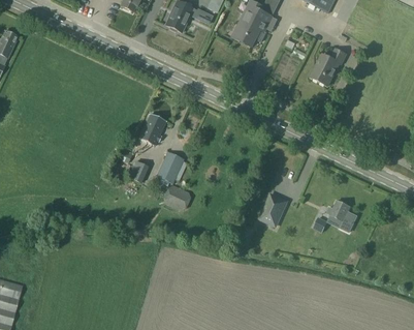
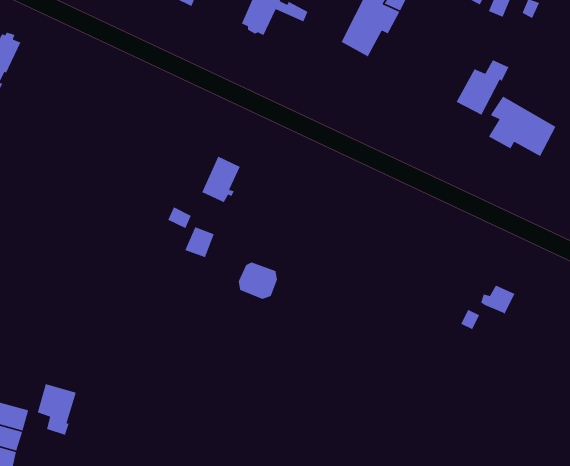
building: none -> [488,95,557,157]
building: [157,150,185,183] -> none
building: [260,192,287,223] -> none
building: none -> [37,383,77,436]

